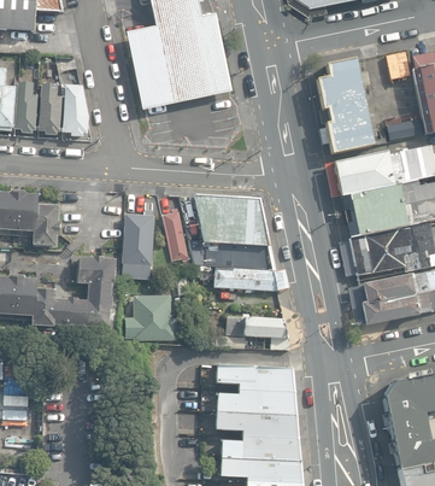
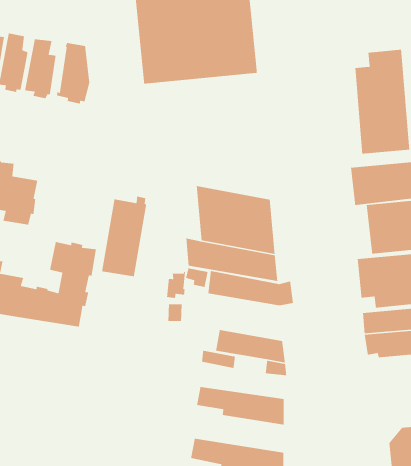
building: [160,207,188,259] -> none
building: [124,294,176,339] -> none
building: [216,388,294,414] -> none

